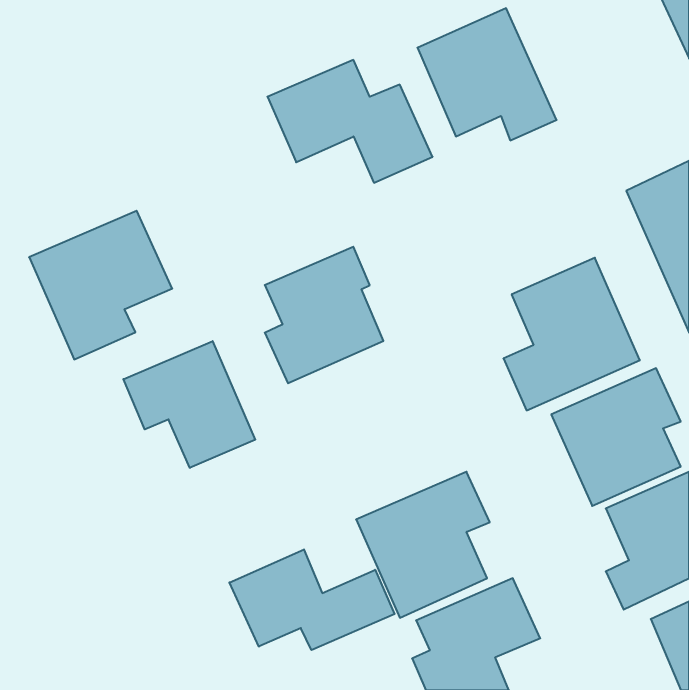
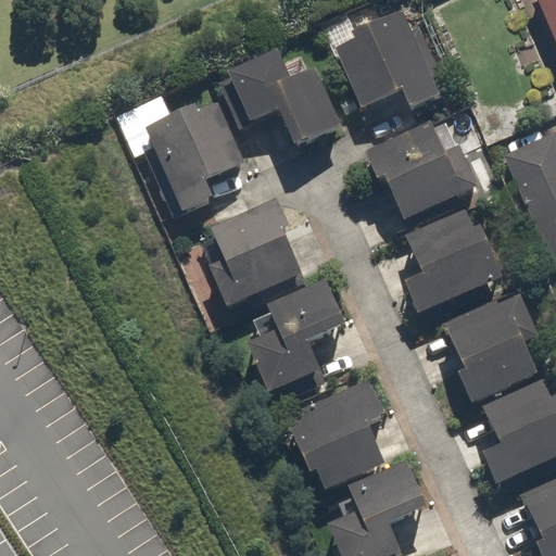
building: none -> [365,114,480,219]
building: [29,211,172,359] -> [132,100,247,218]
building: [123,341,255,468] -> none
building: none -> [238,278,350,392]
building: [229,549,395,650] -> none

